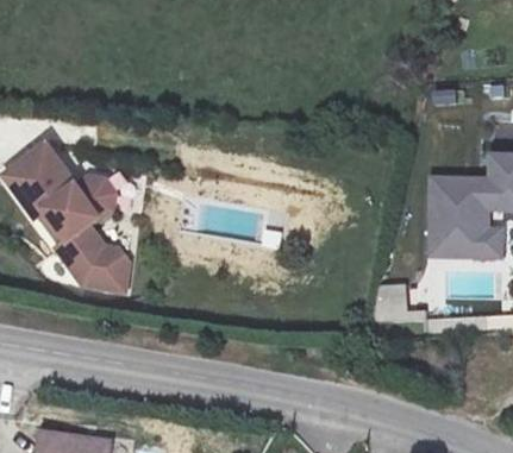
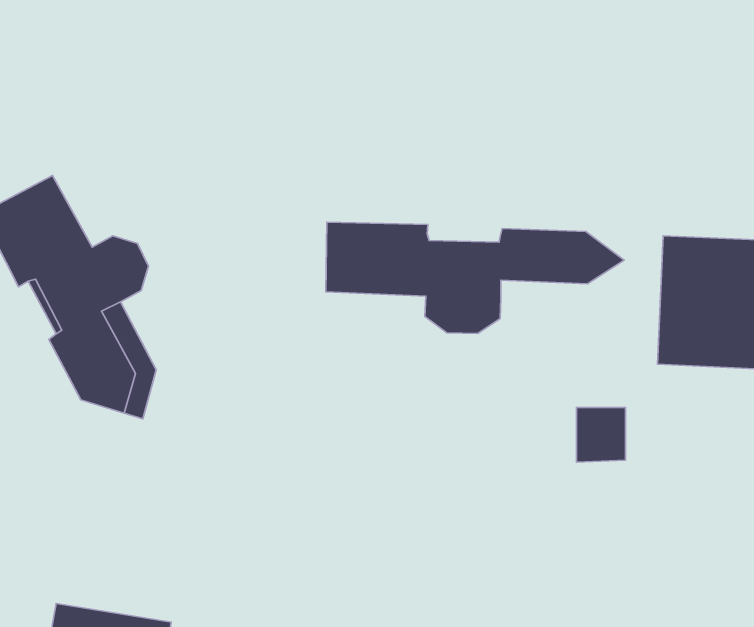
building: none -> [326,222,624,333]

